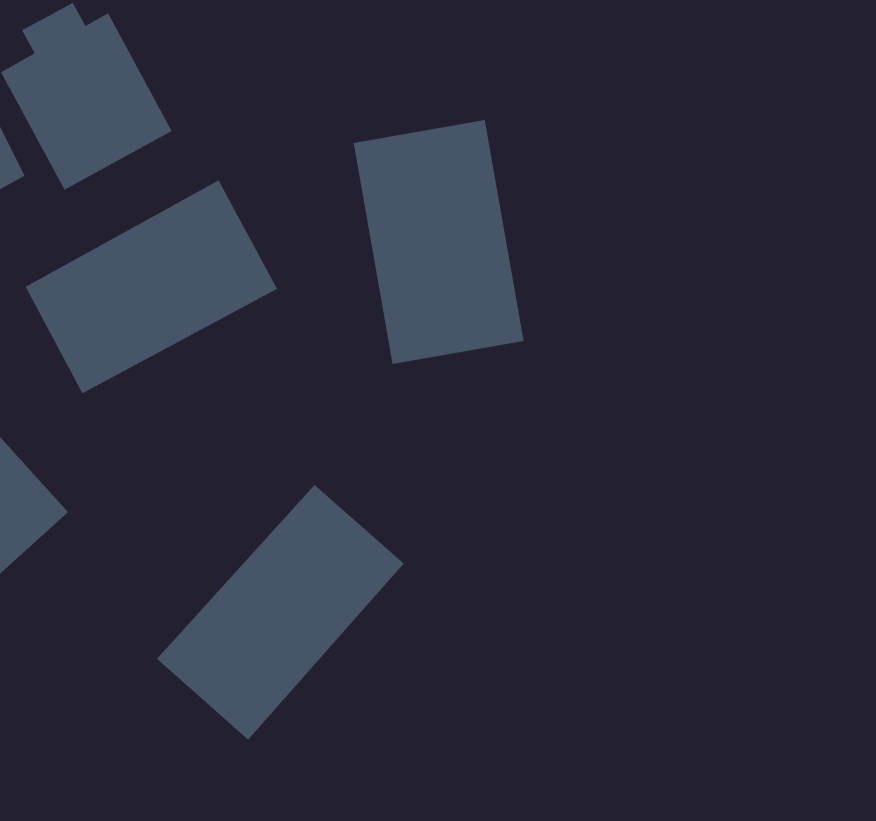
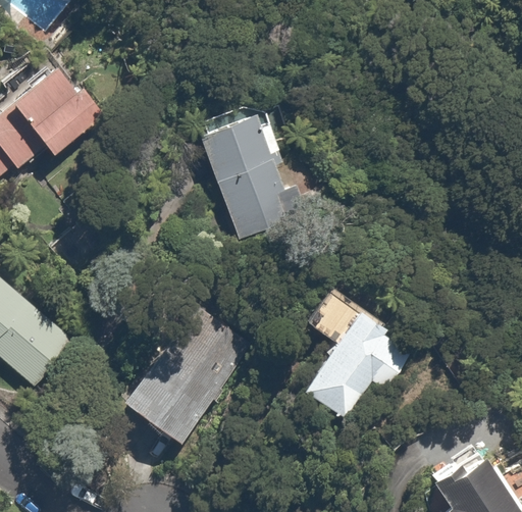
building: [25,179,278,394] -> none
building: none -> [304,286,419,418]

